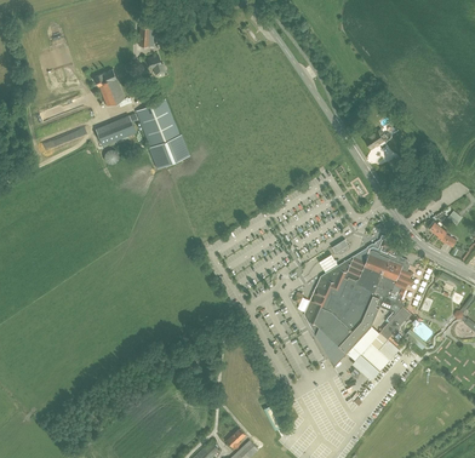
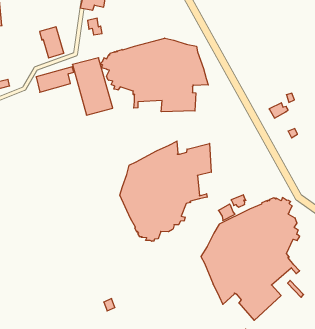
building: none -> [101,38,208,112]
building: none -> [120,141,211,241]

